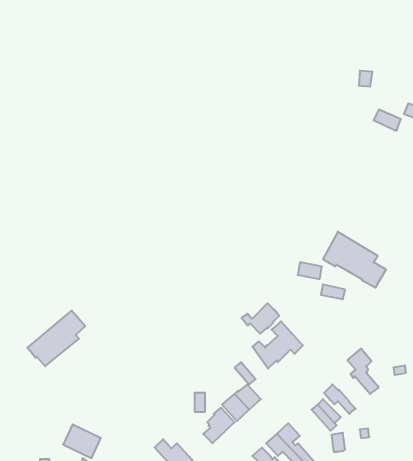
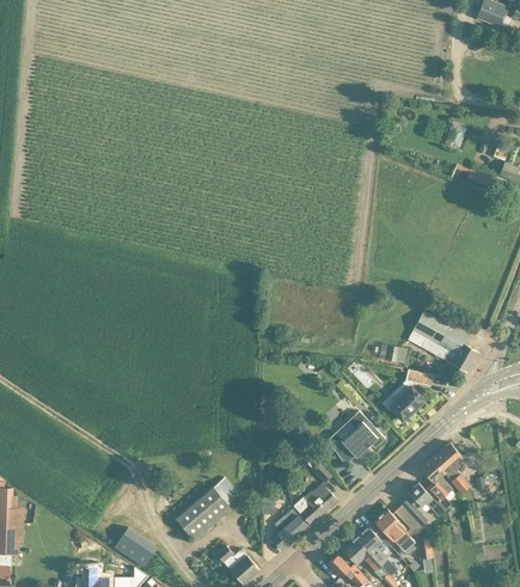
building: [241,303,279,334] -> [380,385,423,420]
building: [27,311,85,366] -> [172,476,238,539]
building: none -> [420,454,452,501]
building: none -> [373,508,414,551]

